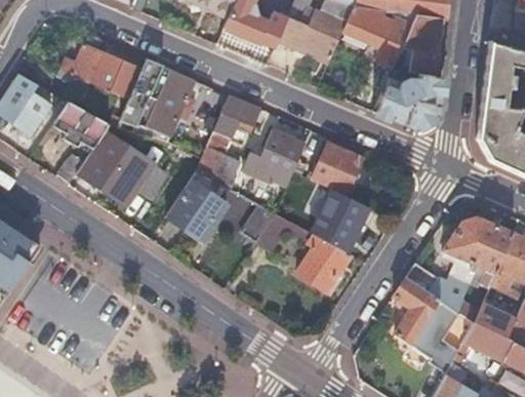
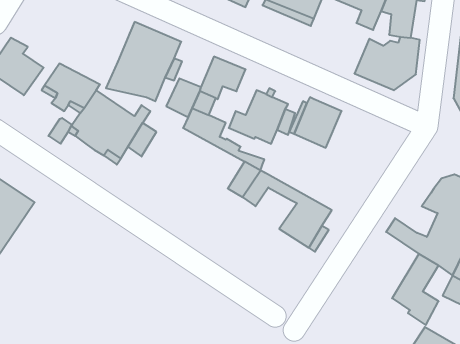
building: [57,46,140,101] -> none
building: [166,180,227,241] -> none
building: [316,187,377,250] -> none
building: [393,277,440,346] -> none

